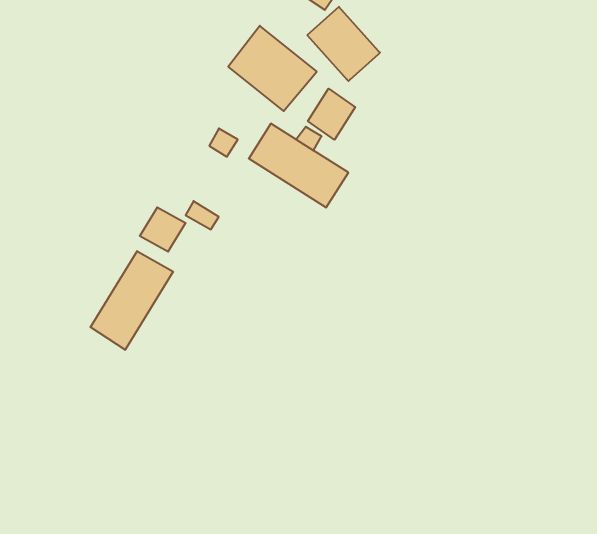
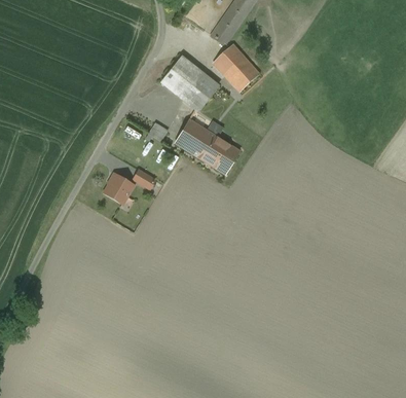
building: [308,89,355,140] -> none
building: [90,251,173,350] -> none

